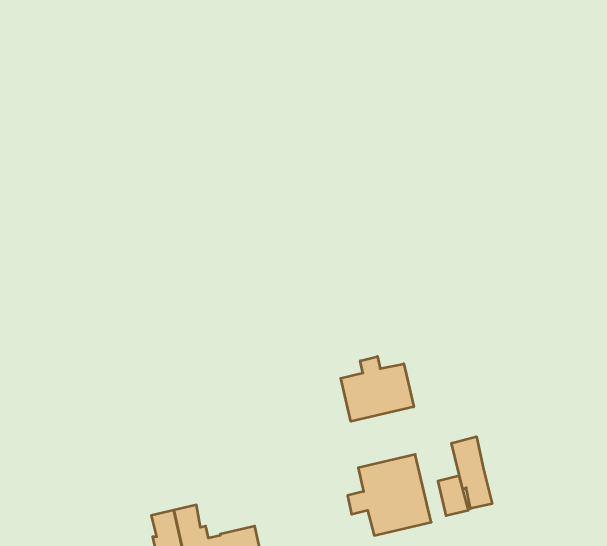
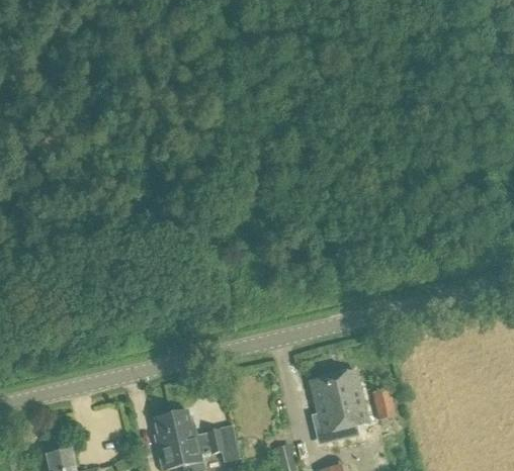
building: [341,356,414,421] -> none
building: [452,437,492,509] -> none

